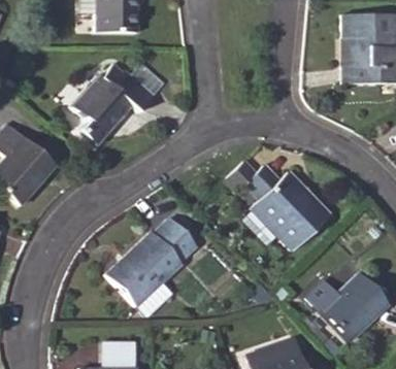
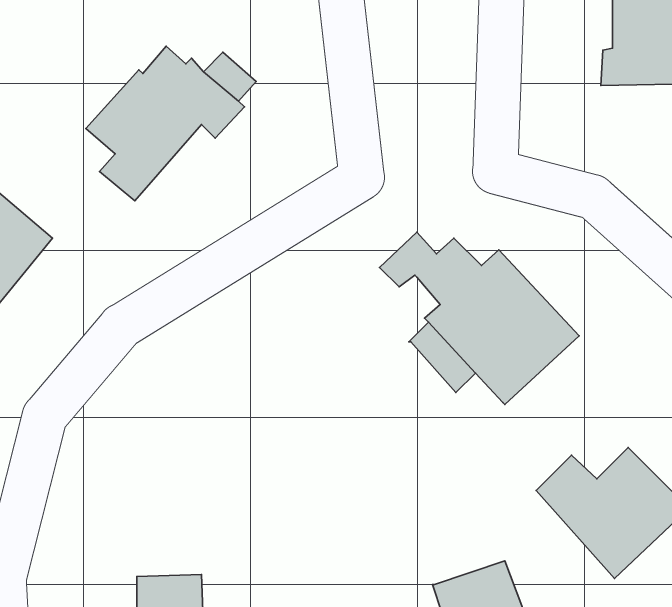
building: [106,219,197,318] -> none

